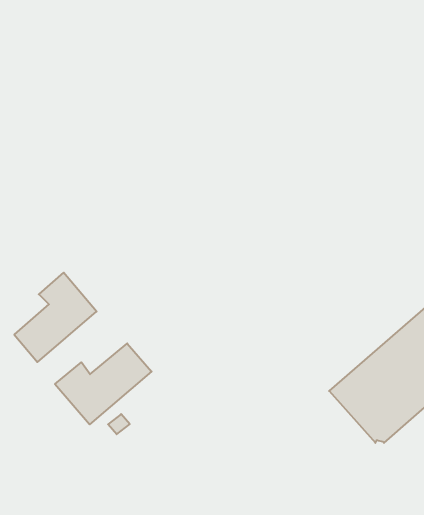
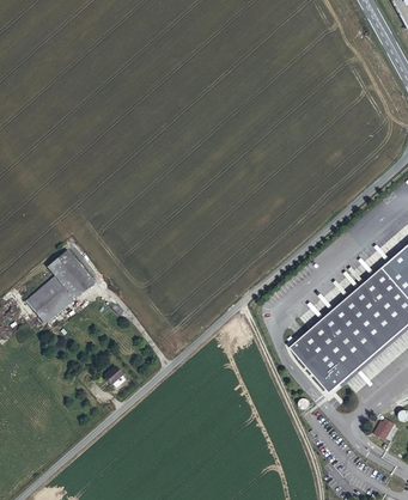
building: [55,343,152,424] -> none

